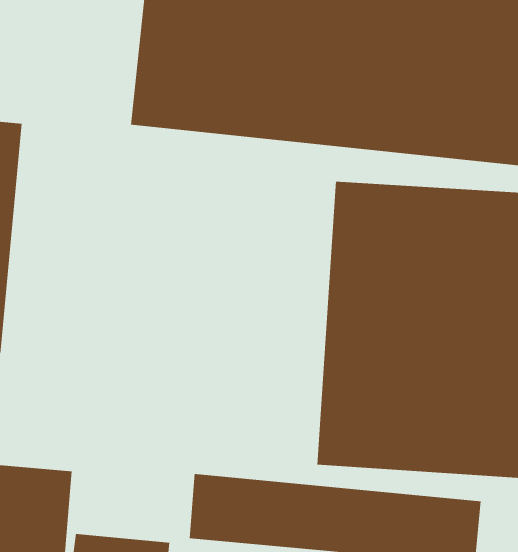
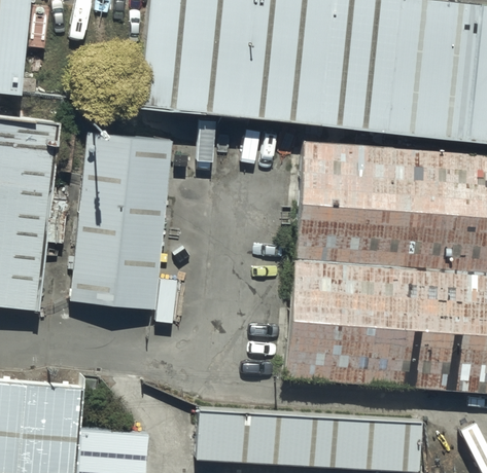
building: none -> [72,125,165,298]

